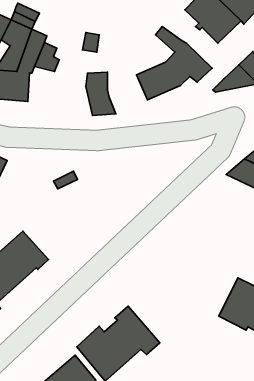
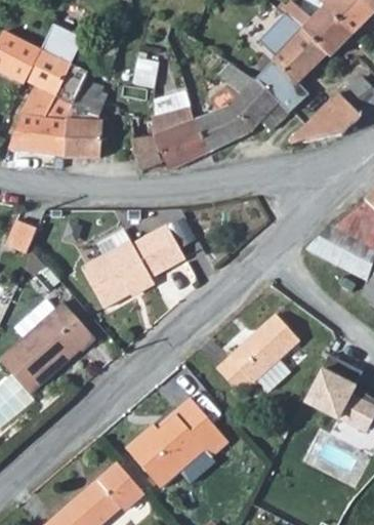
building: none -> [255,56,310,108]
building: none -> [163,83,212,164]
building: none -> [65,114,100,150]
building: none -> [82,233,184,314]
building: none -> [216,320,297,398]

